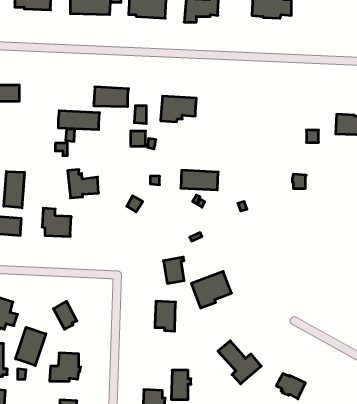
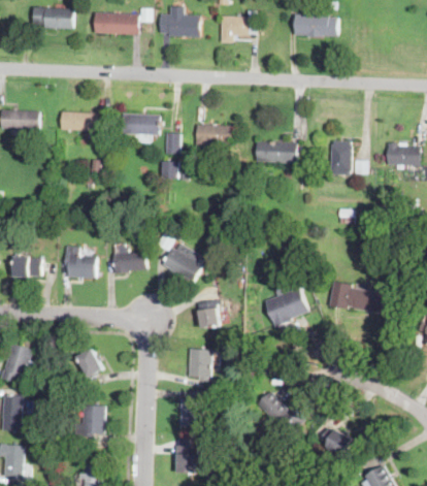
building: [58,111,100,130] -> [61,110,106,131]
building: none -> [329,140,351,174]
building: [68,170,99,198] -> [111,242,145,273]
building: [181,170,218,190] -> [255,140,296,162]
building: [4,171,25,208] -> none
building: none -> [163,242,202,282]
building: none -> [329,281,389,314]
building: [191,271,232,308] -> [264,287,308,327]
building: [16,327,46,366] -> none
building: [171,370,191,399] -> [179,399,201,431]

